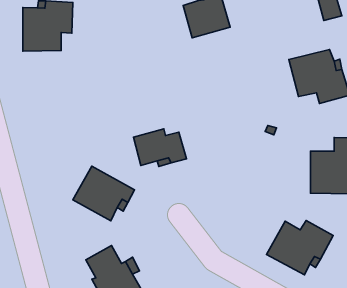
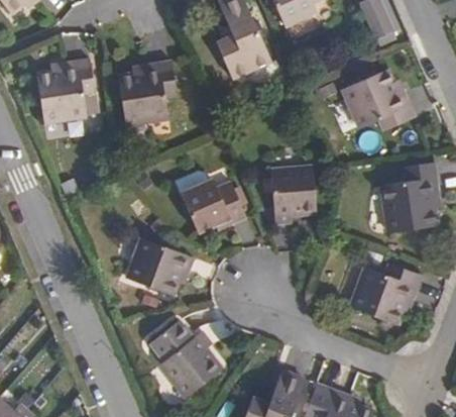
building: none -> [117,64,177,125]
building: none -> [268,168,315,218]

